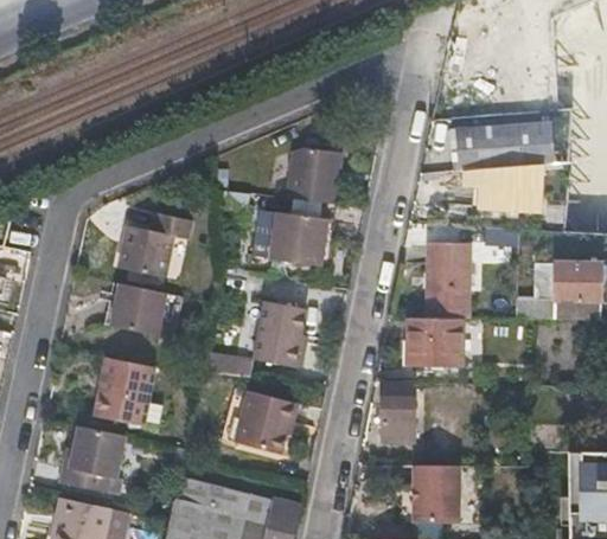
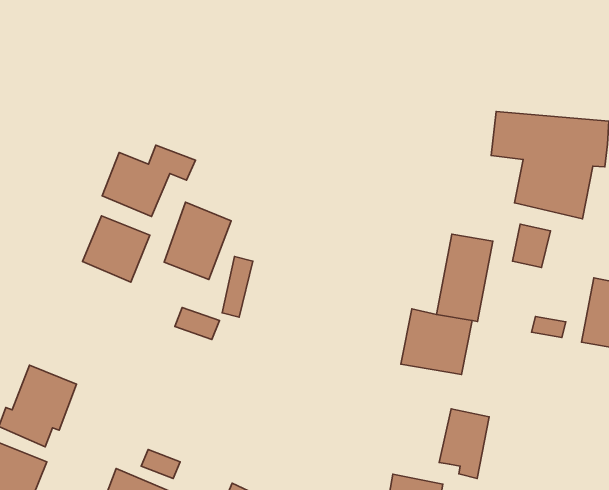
building: [285,147,339,203] -> none
building: [271,210,326,264] -> none
building: [260,299,312,362] -> [164,202,231,279]
building: [94,358,153,423] -> none
building: [378,383,415,439] -> [439,409,489,478]
building: [237,392,293,453] -> none

